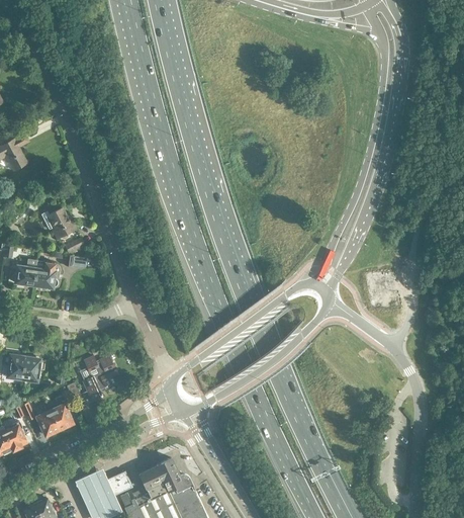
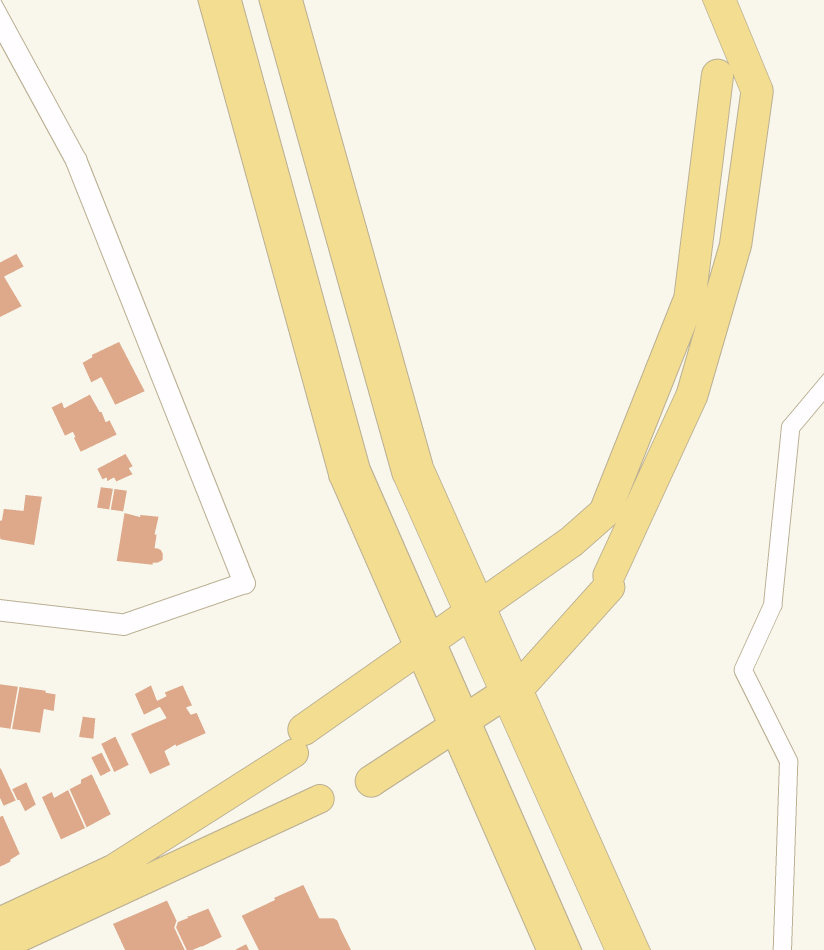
building: none -> [81,341,146,406]
building: [32,260,57,287] -> [116,512,163,565]

